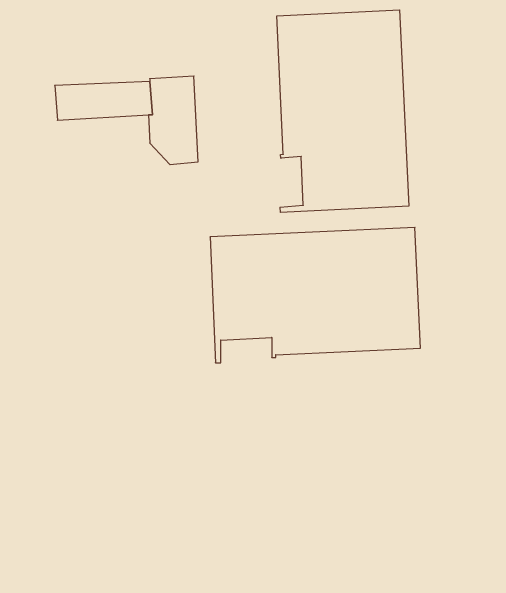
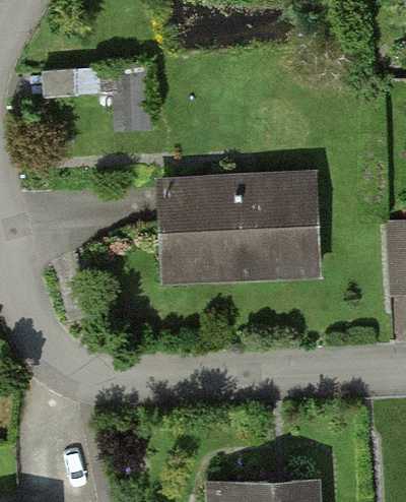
building: [277,10,409,212] -> none

